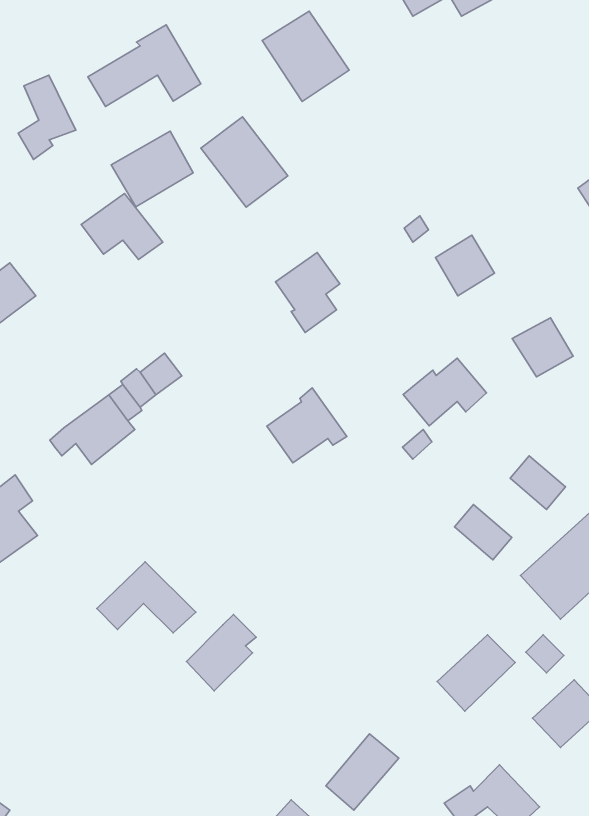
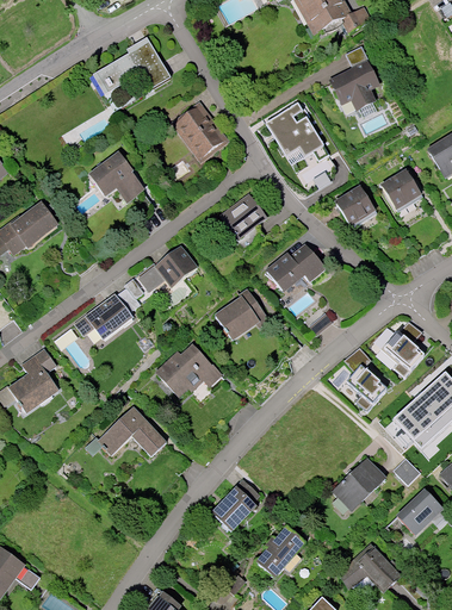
building: [262,11,349,101] -> [264,101,323,163]
building: none -> [329,45,385,112]
building: [18,75,76,159] -> none
building: [111,131,193,207] -> none
building: [512,318,573,377] -> [384,174,426,214]
building: none -> [147,244,192,287]
building: [403,358,487,426] -> [270,244,327,291]
building: none -> [155,344,222,397]
building: [187,614,256,691] -> [213,480,261,533]

